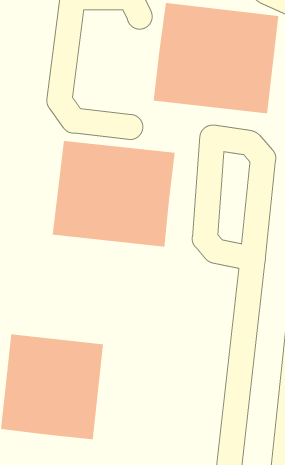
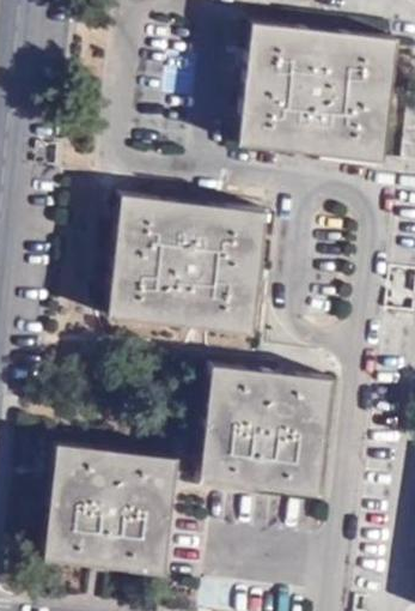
building: none -> [195,369,331,496]

